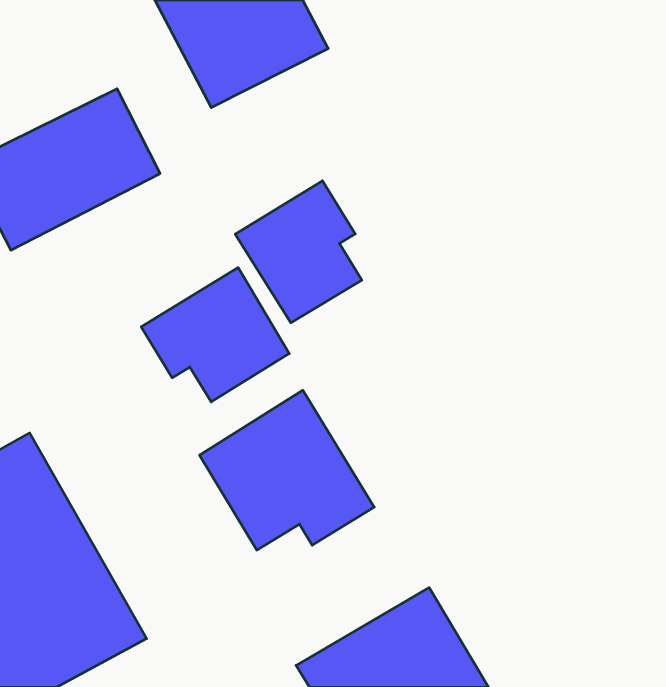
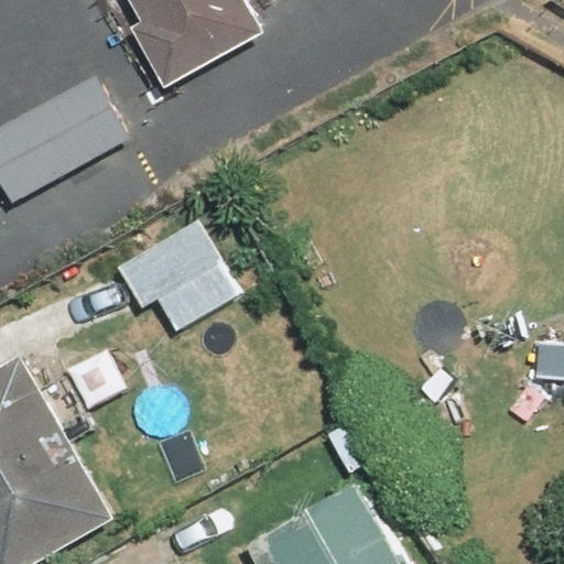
building: [235,181,362,323] -> none
building: [200,390,374,550] -> none

